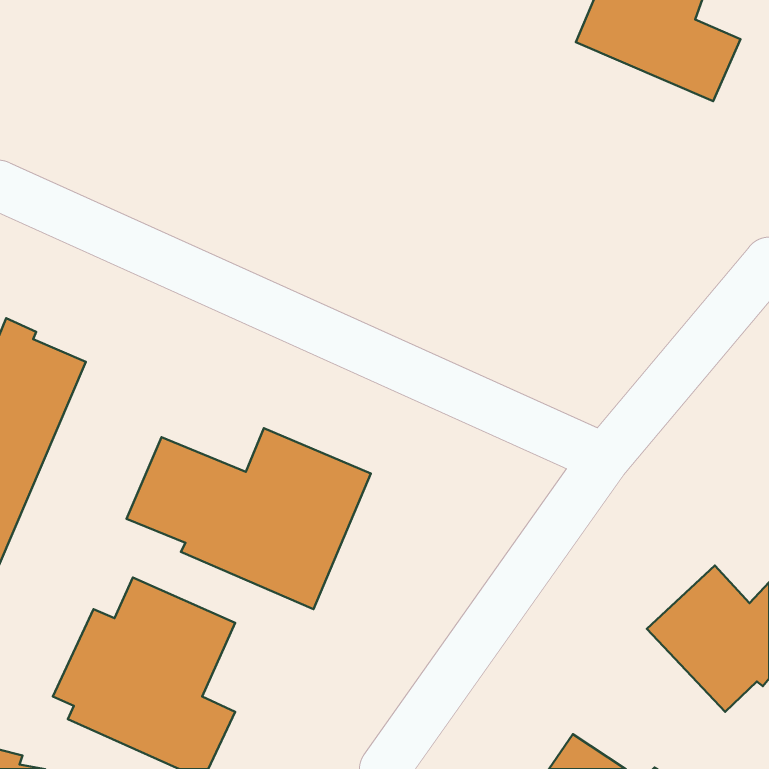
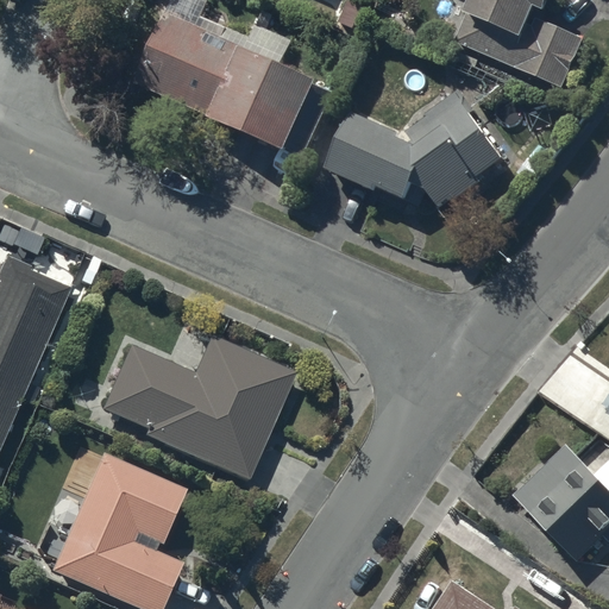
building: none -> [136,5,318,150]
building: none -> [331,86,503,202]

